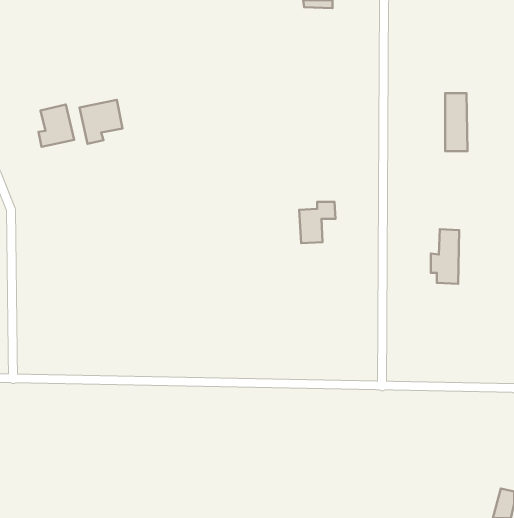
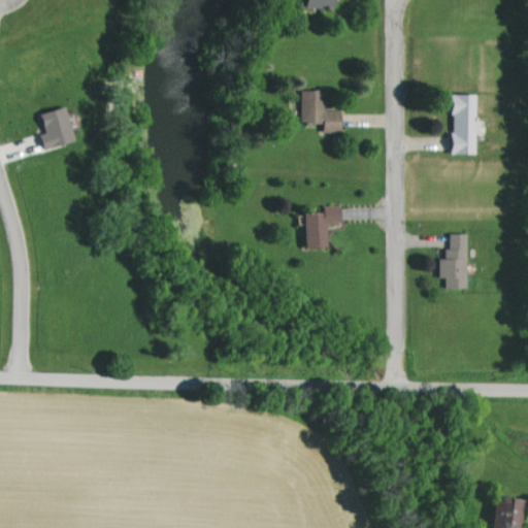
building: none -> [301,100,343,132]
building: [80,100,123,144] -> none

